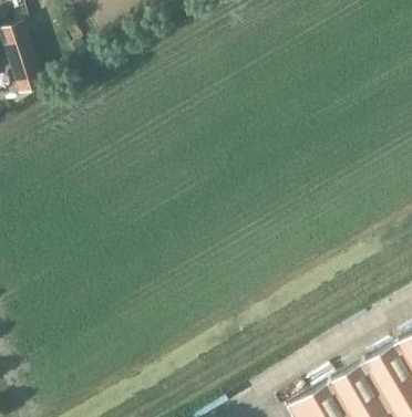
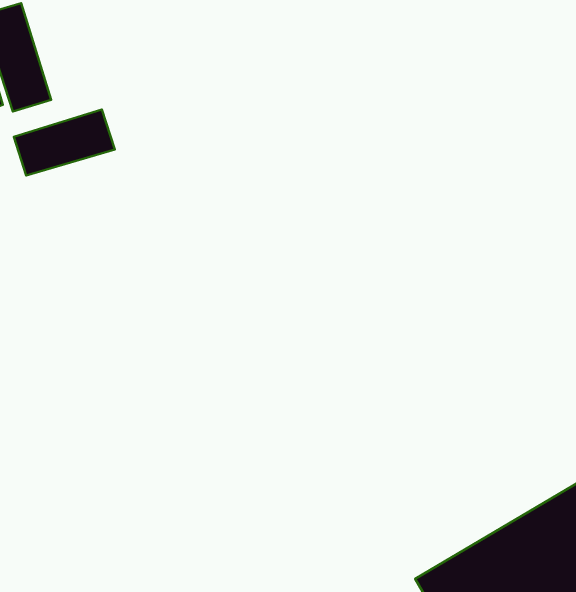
building: none -> [14,110,115,175]

